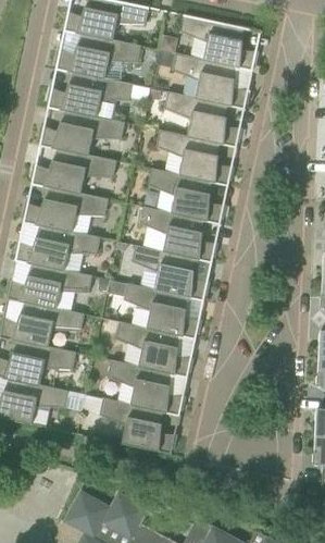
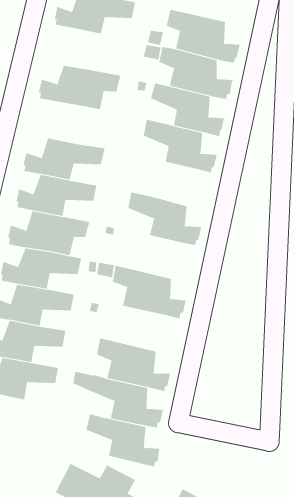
building: [55,34,141,78] -> none
building: [39,111,125,156] -> none
building: [148,168,226,224] -> none
building: [132,245,210,300] -> none
building: [115,321,193,378] -> [85,413,160,467]

